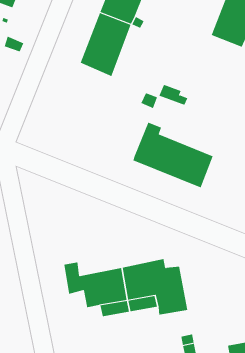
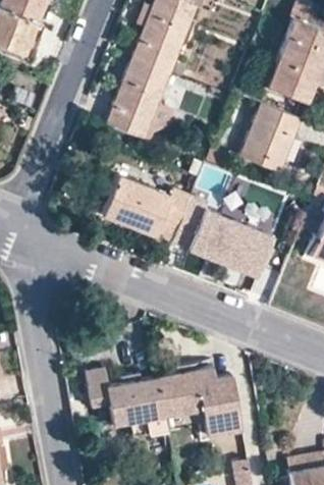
building: none -> [241,105,303,173]
building: none -> [104,176,192,245]

